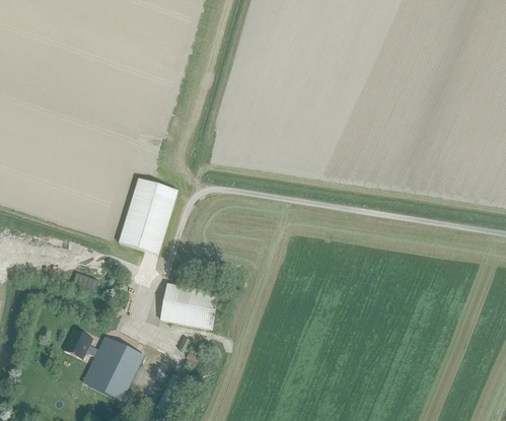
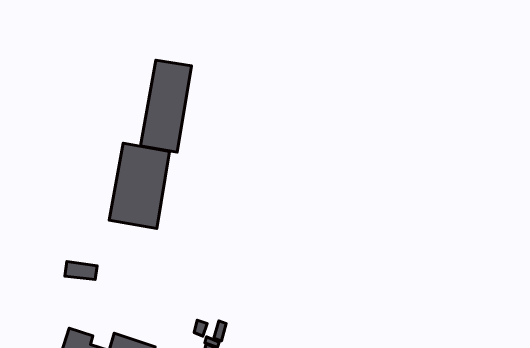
building: none -> [141,60,192,152]
building: [159,283,218,329] -> none

